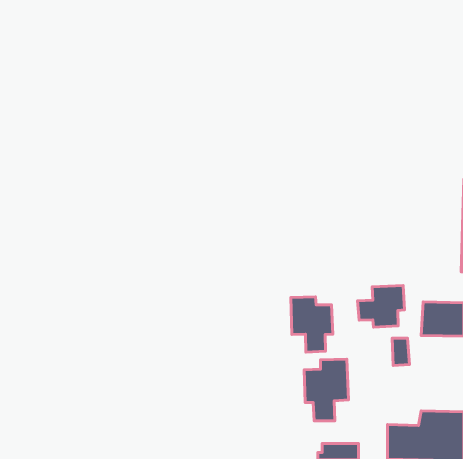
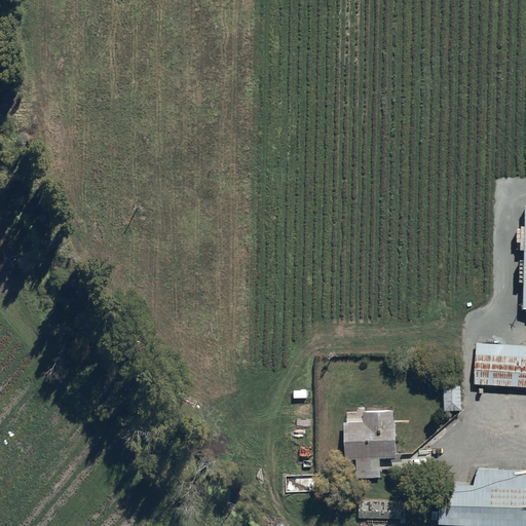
building: [358,286,405,327] -> none
building: [291,297,333,352] -> none

